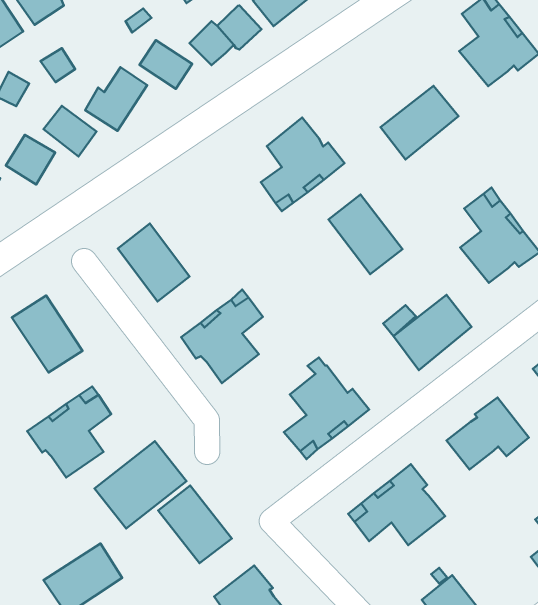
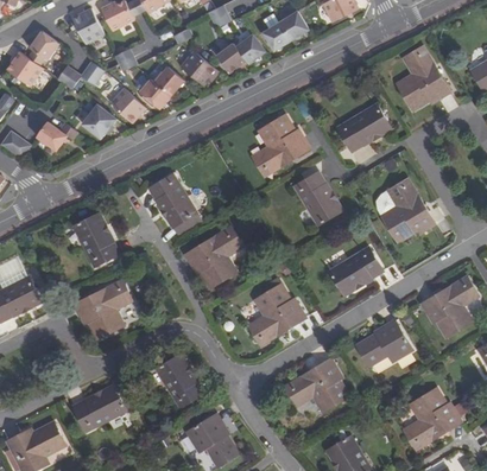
building: [94,441,187,529] -> none

